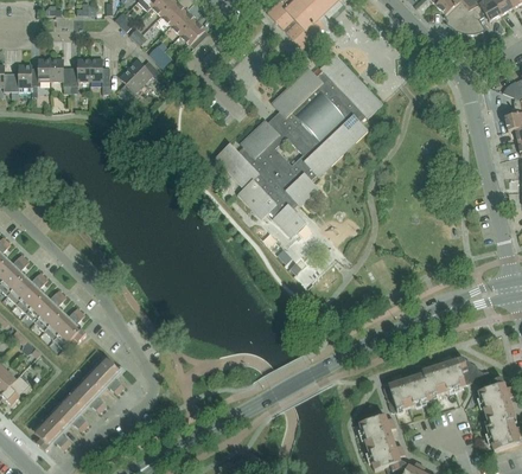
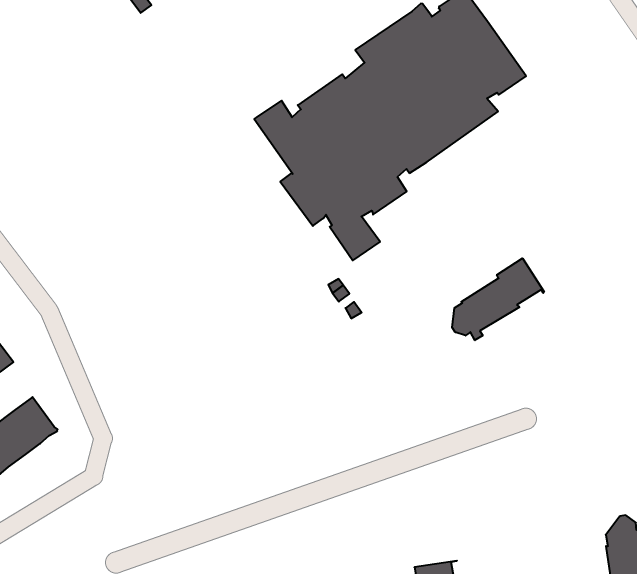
building: none -> [452,258,544,340]
building: [383,357,478,411] -> none

